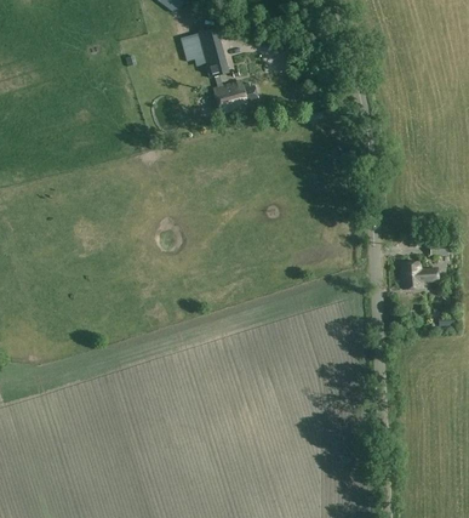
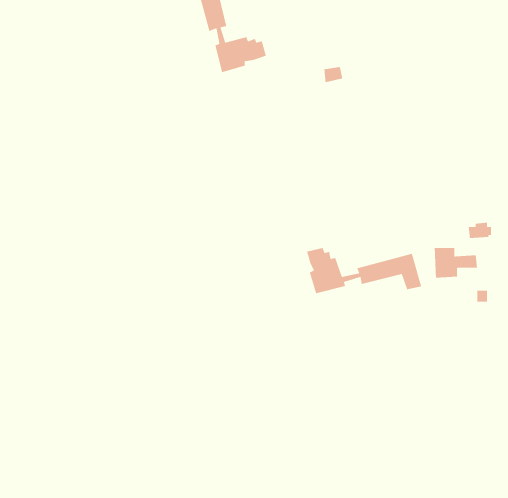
building: none -> [306,247,422,294]

